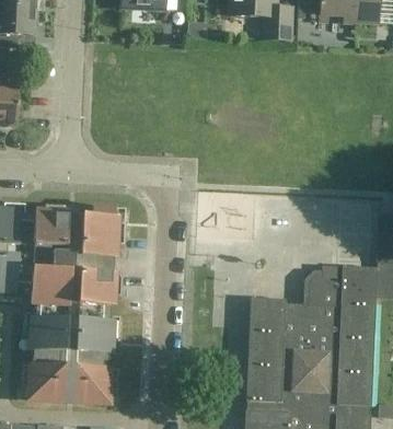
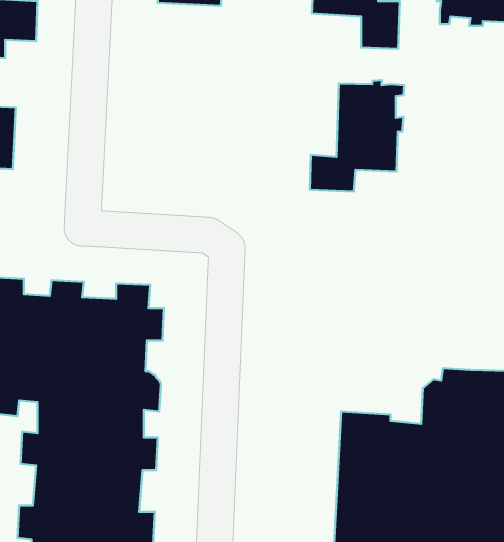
building: none -> [310,80,404,192]

